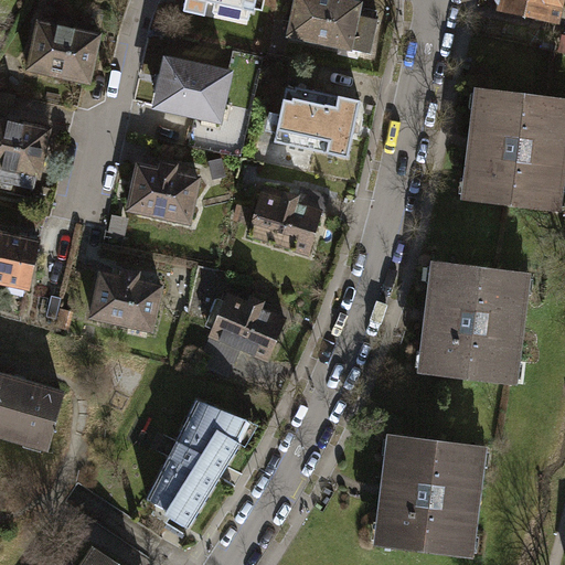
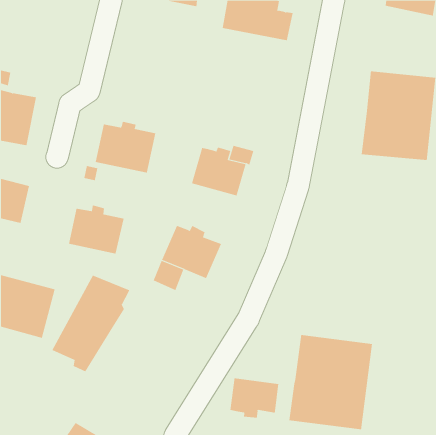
building: [26,22,98,84] -> none
building: [149,53,228,119] -> none
building: [274,88,360,158] -> none
building: [425,265,521,384] -> none
building: [143,401,245,526] -> [52,275,130,372]
building: none -> [230,378,279,419]

